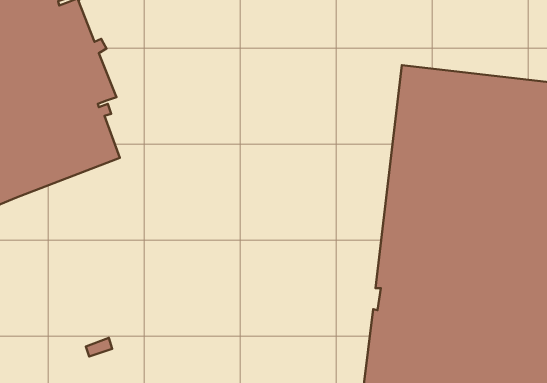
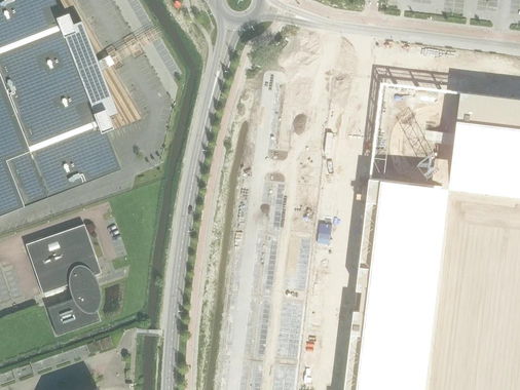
building: none -> [25,226,101,337]

